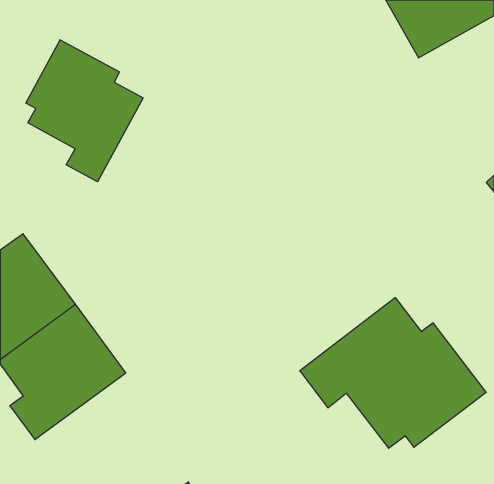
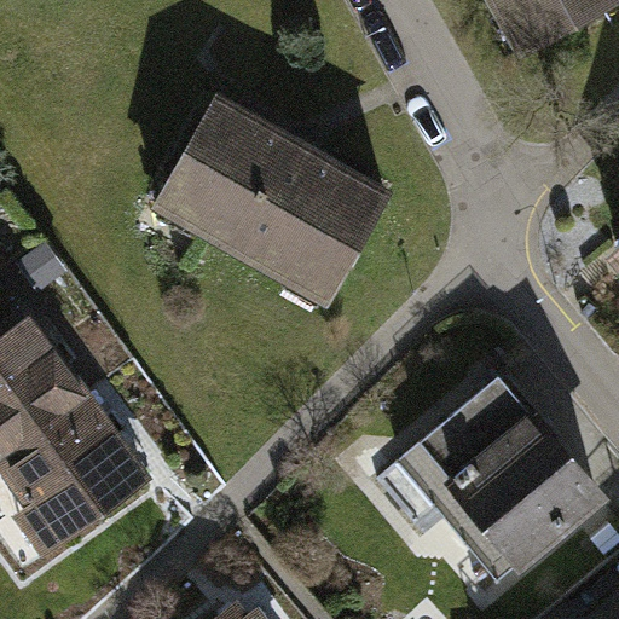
building: [26,40,143,182] -> none
building: none -> [147,94,386,307]

